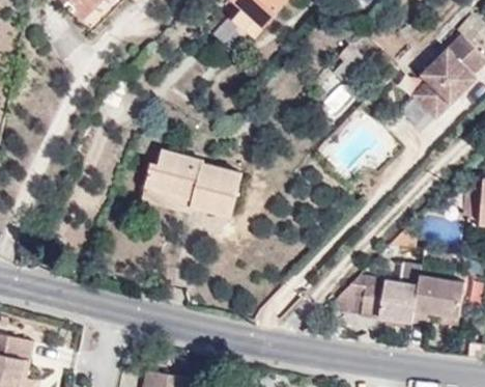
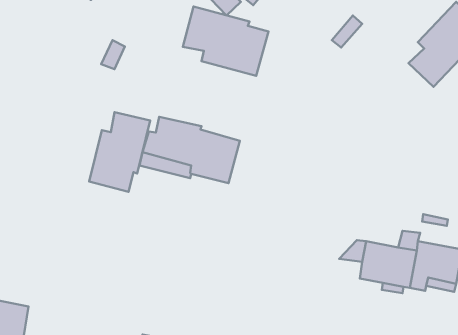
building: none -> [183,7,269,76]
building: none -> [89,112,150,192]

